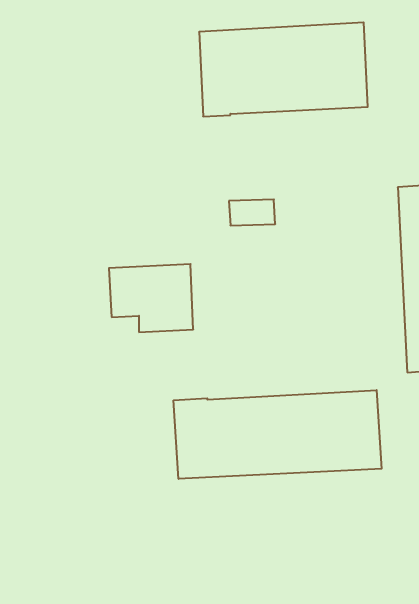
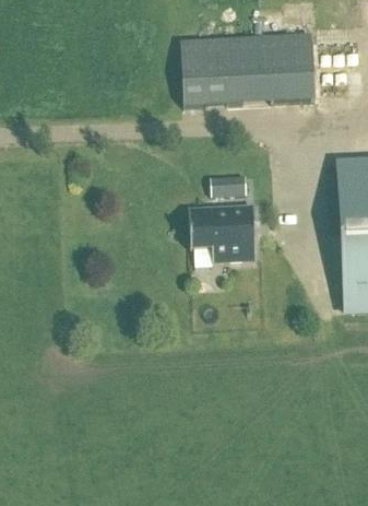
building: [109,264,193,332] -> [187,207,254,261]
building: [174,390,382,479] -> none

